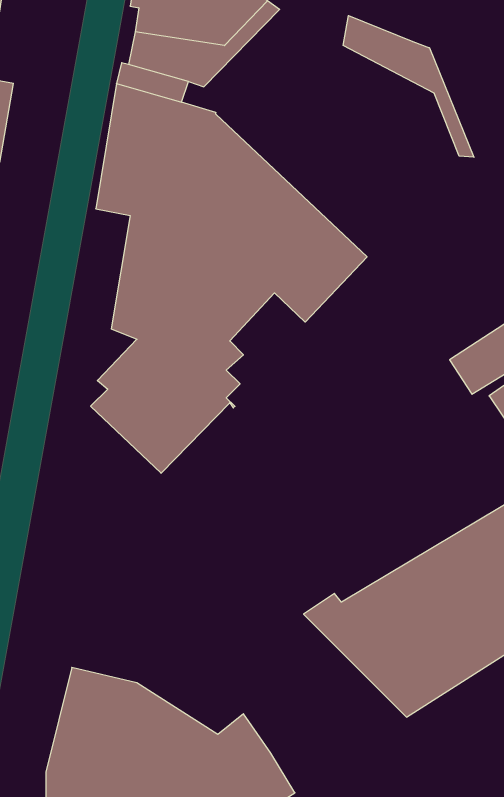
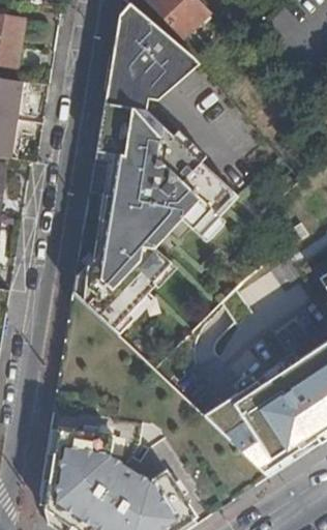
building: [343,16,474,157] -> none

